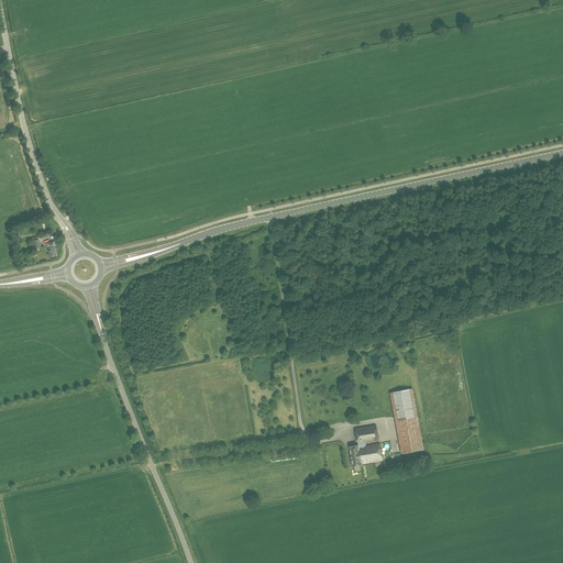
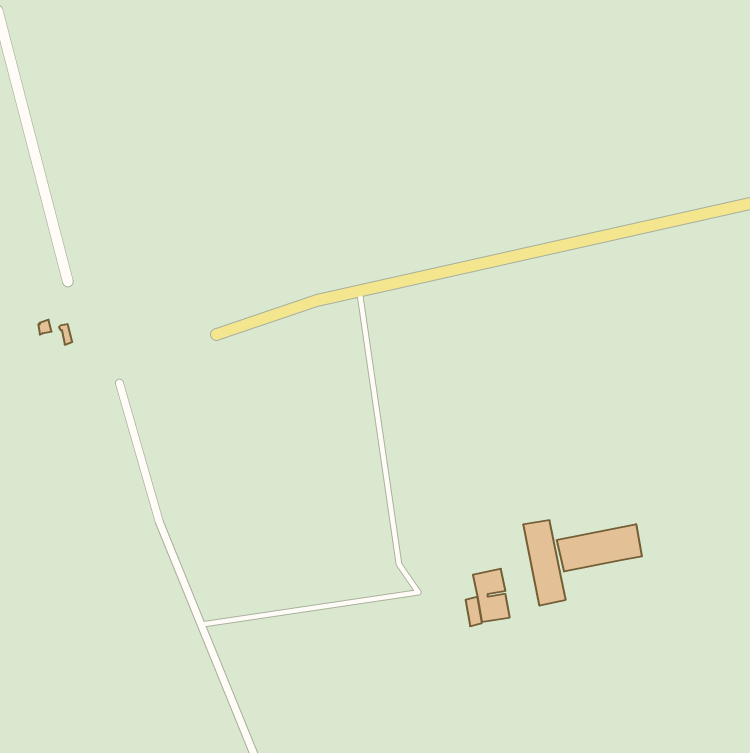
building: none -> [557,524,642,572]

